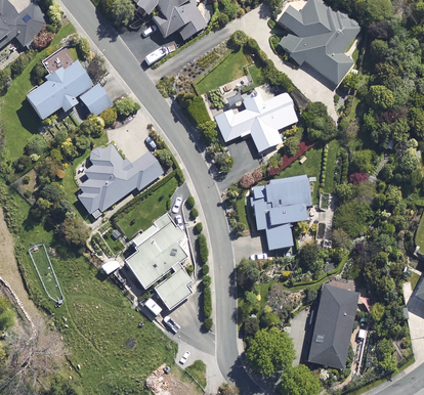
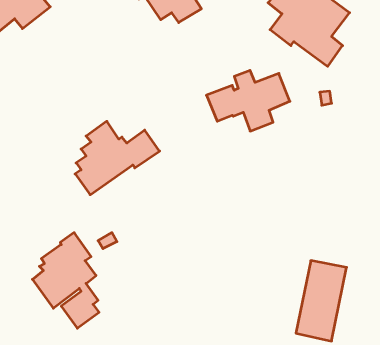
building: [27,59,115,120] -> none
building: [252,173,320,251] -> none
building: [124,212,193,310] -> [32,233,99,328]

